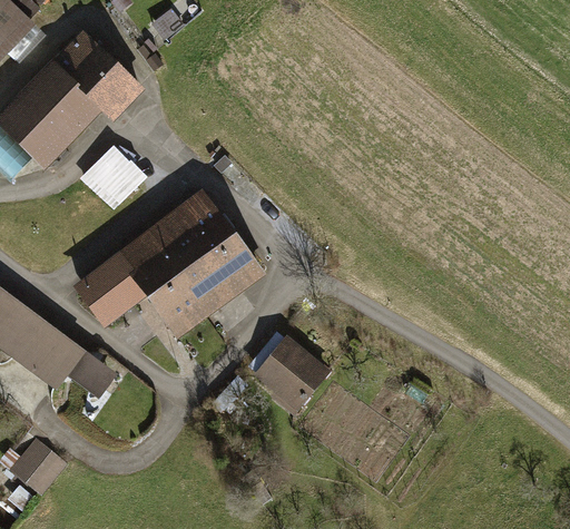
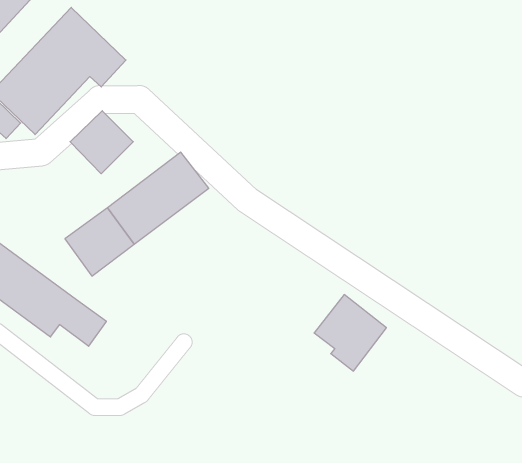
building: [147,228,258,331] -> none
building: [250,334,328,417] -> [314,295,386,371]
building: [8,437,67,496] -> none

